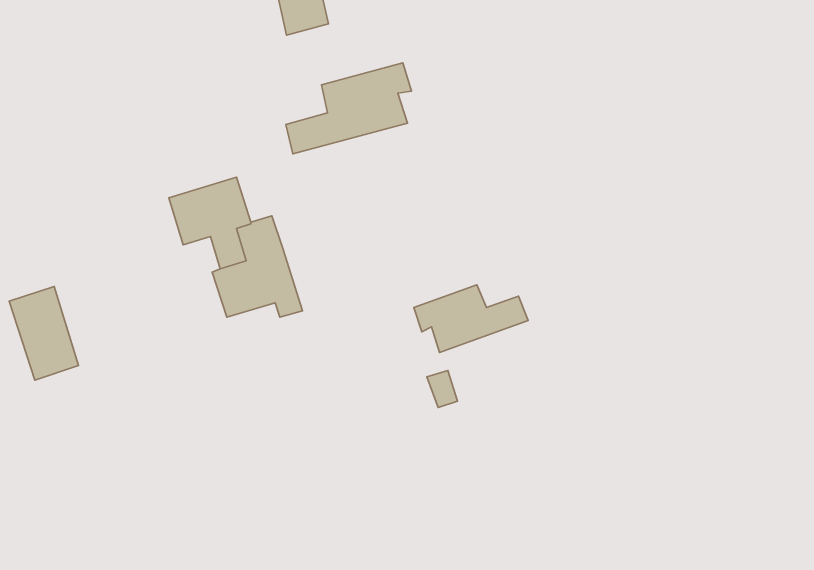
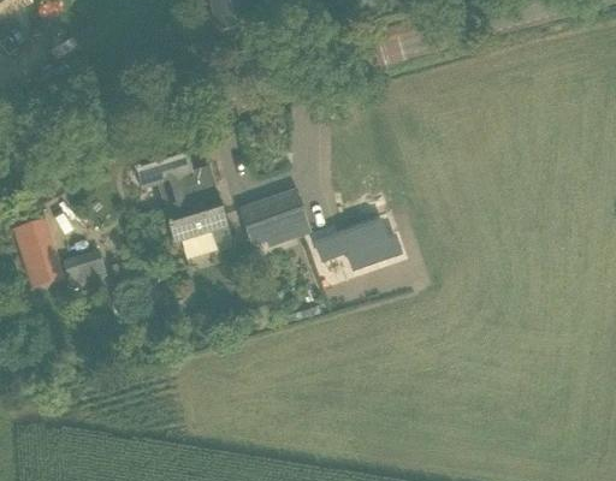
building: [286,63,411,154] -> none
building: none -> [237,188,312,253]
building: none -> [61,250,105,285]

